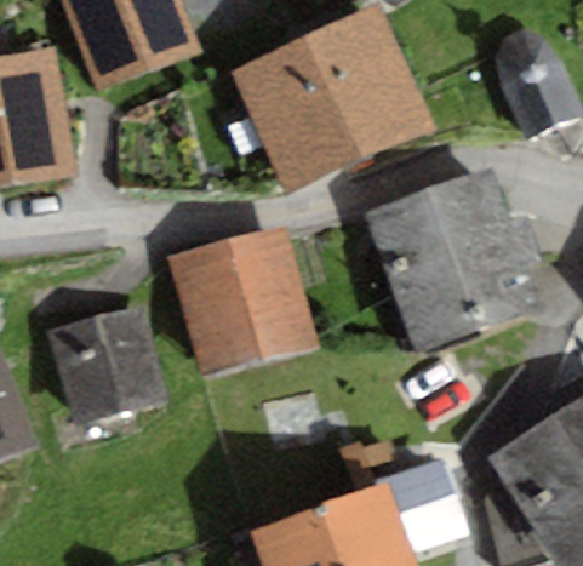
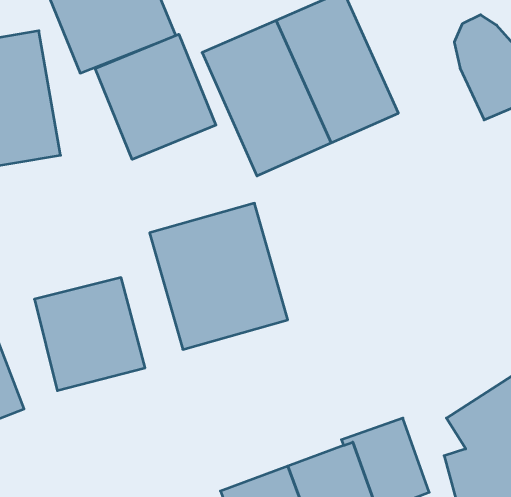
building: none -> [95,34,216,159]
building: [365,162,541,345] -> none

